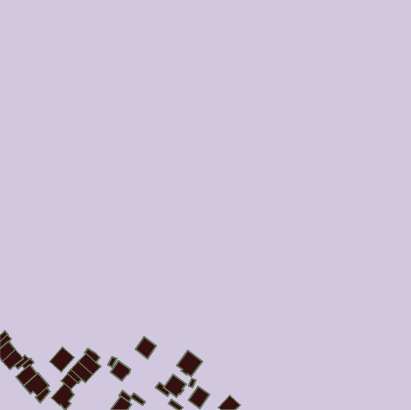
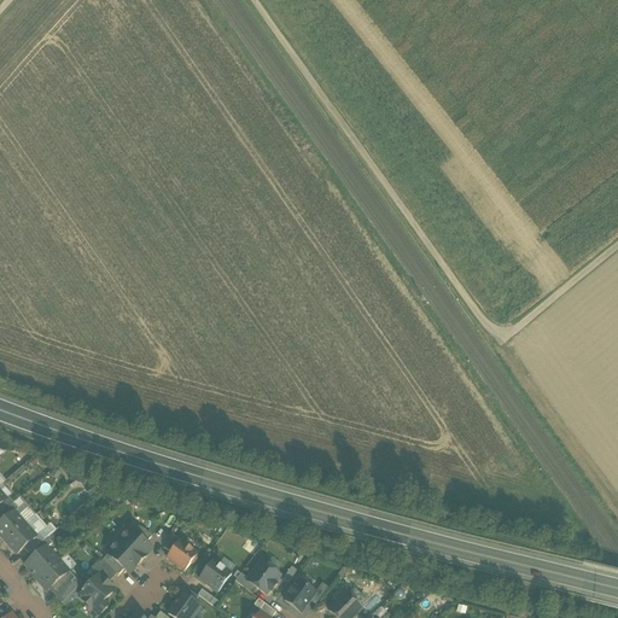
building: [135,337,156,359] -> [198,559,229,591]
building: [50,347,74,372] -> none
building: [177,350,203,376] -> none

